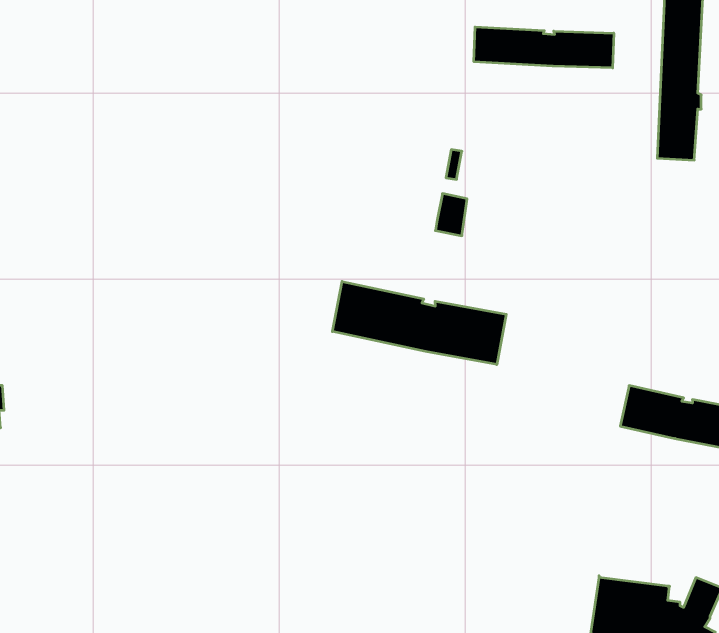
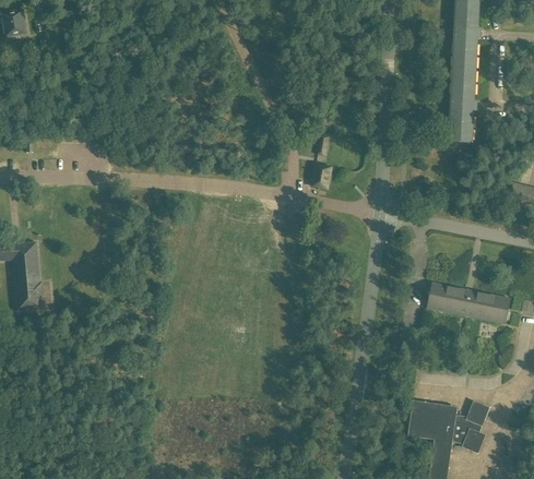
building: [474,27,614,68] -> none
building: [332,281,506,365] -> none

